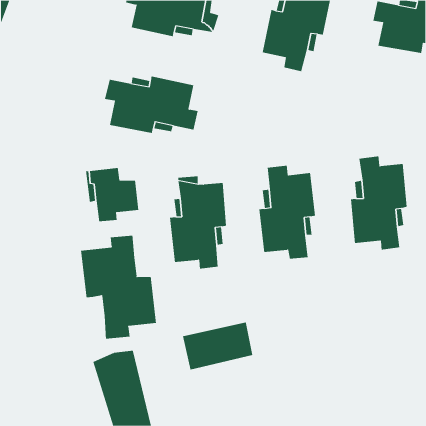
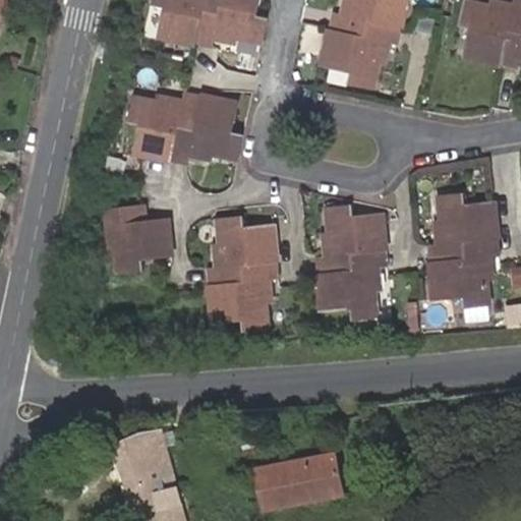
building: [81,235,156,339] -> none
building: [182,322,253,370] -> [257,457,344,516]

